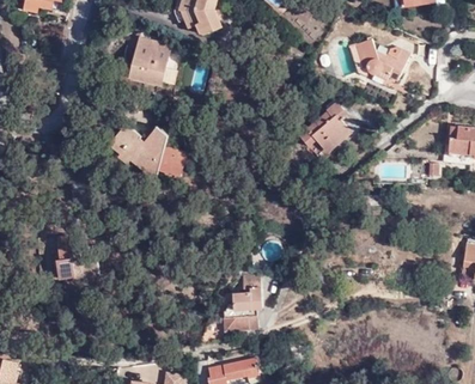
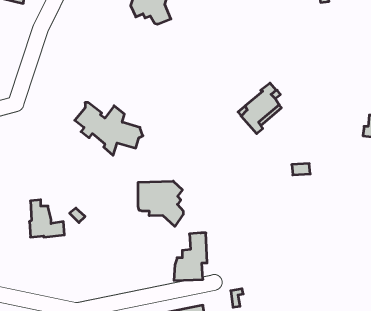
building: [130,37,170,84] -> none
building: [348,38,410,80] -> none
building: none -> [138,181,183,226]

